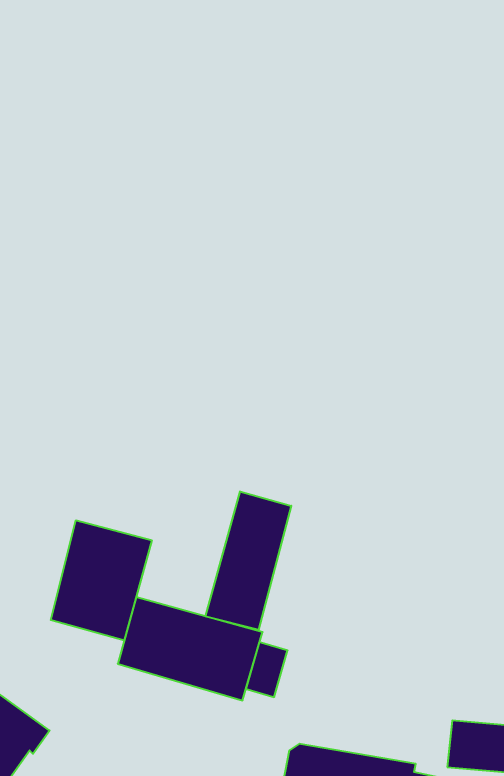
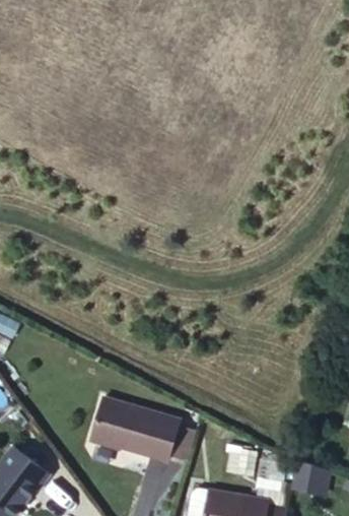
building: [206,491,291,630] -> none
building: [51,520,152,641] -> none

